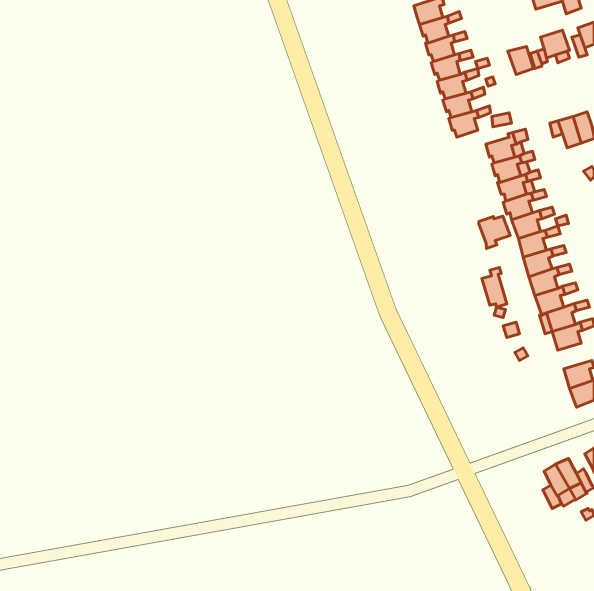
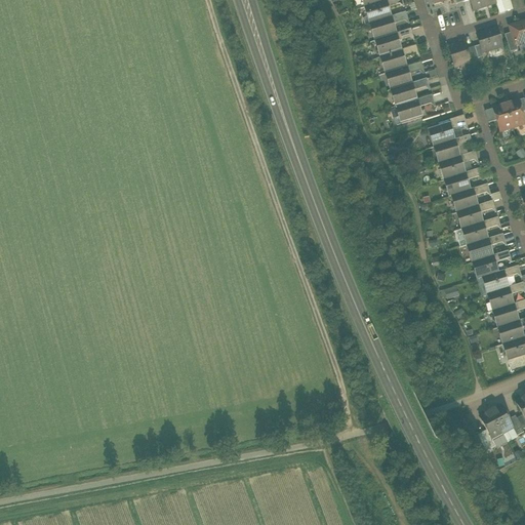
building: [479,216,510,248] -> none
building: [482,268,507,307] -> none
building: none -> [492,301,519,325]

